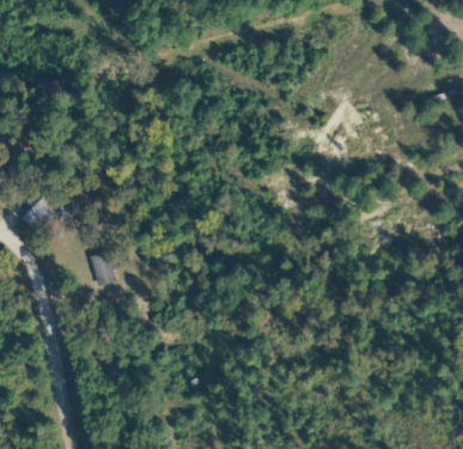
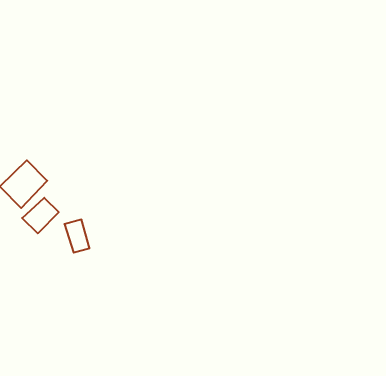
building: none -> [22,198,59,233]

